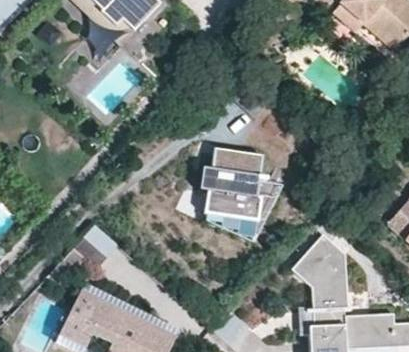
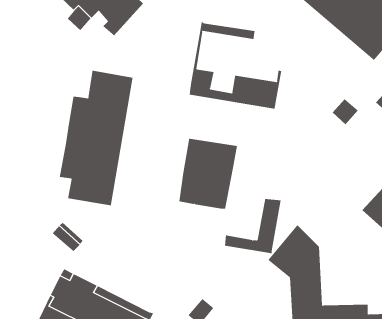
building: none -> [189,21,282,110]
building: none -> [59,70,133,206]
building: [217,178,275,234] -> [224,198,281,254]

